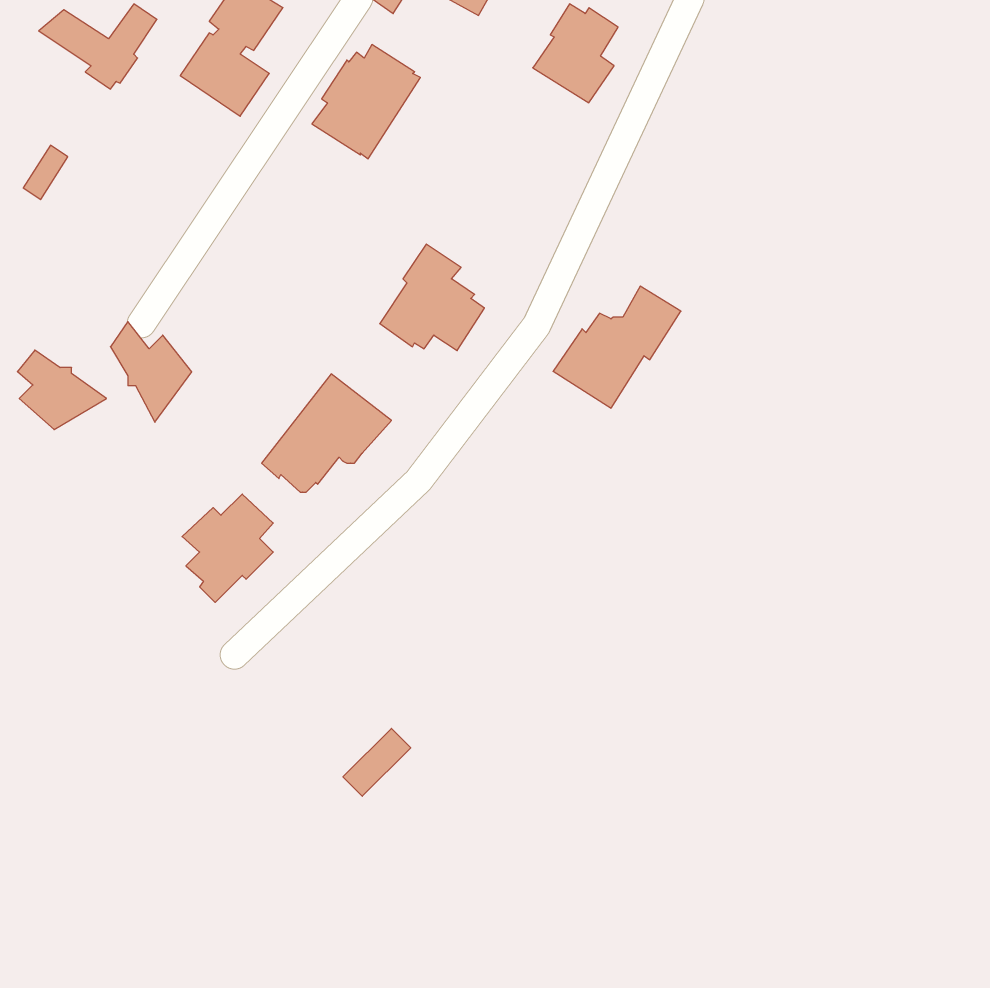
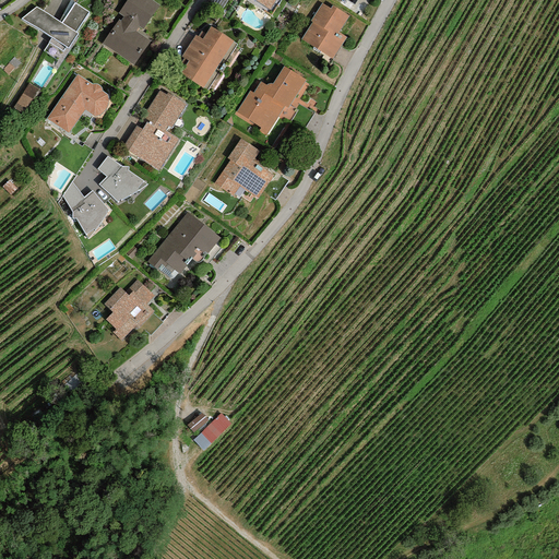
building: none -> [46,73,108,132]
building: none -> [122,90,187,170]
building: [553,286,681,408] -> [234,66,306,134]
building: [17,350,106,430] -> [97,156,147,201]

